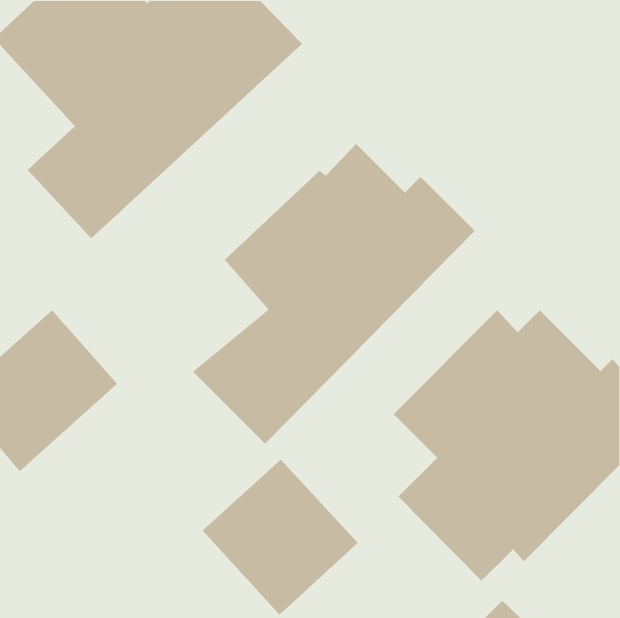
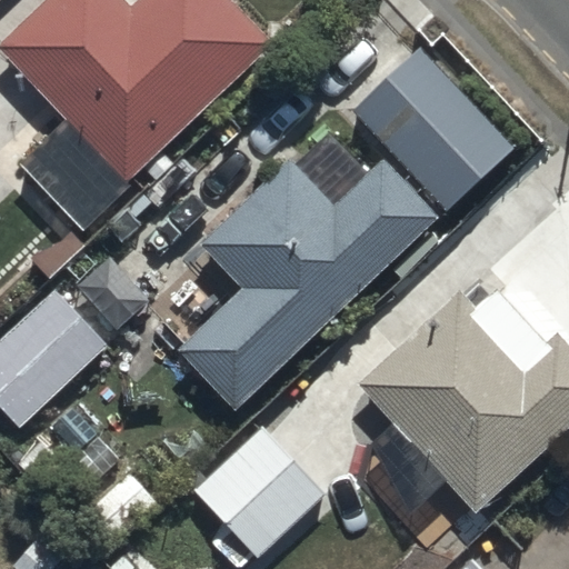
building: none -> [353,46,515,209]

